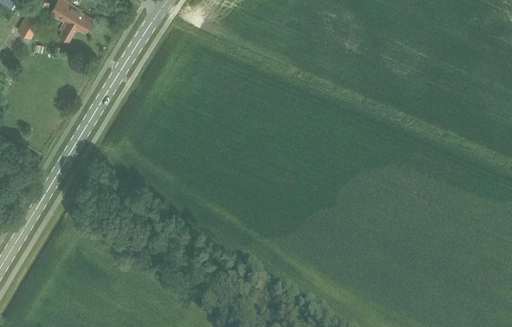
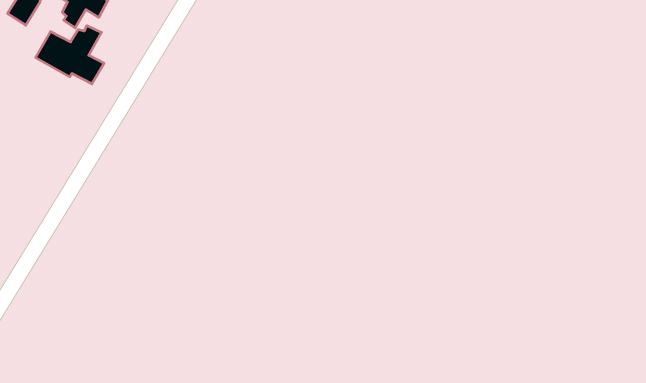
building: none -> [36,26,104,84]

